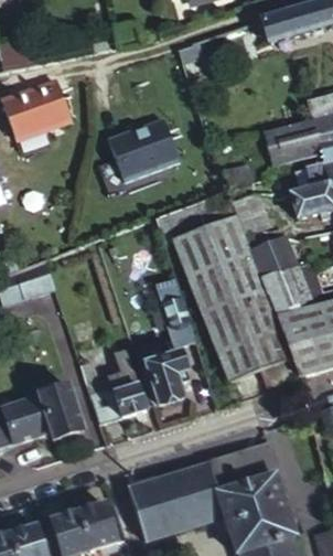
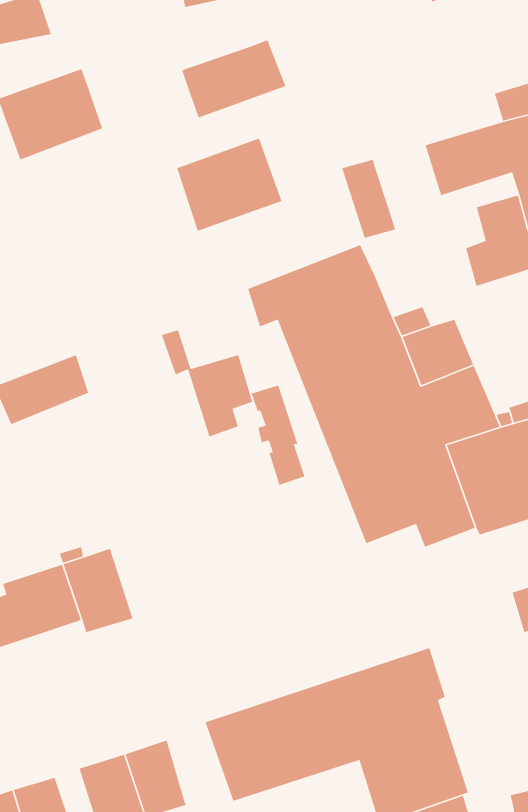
building: none -> [181,39,287,118]
building: [132,333,190,400] -> [161,329,253,438]
building: [94,376,148,420] -> none

